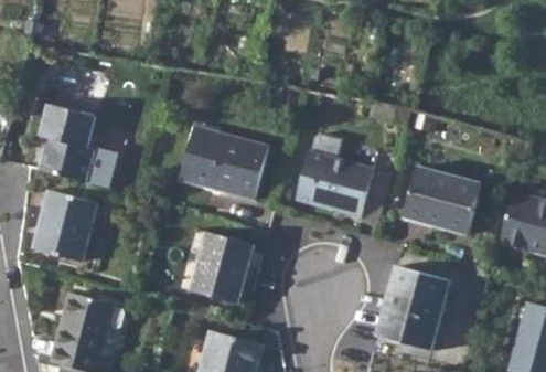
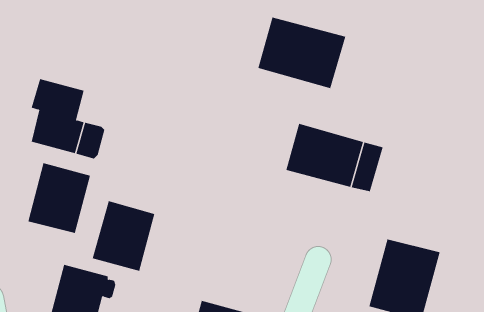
building: [179,126,268,199] -> [258,17,346,89]
building: [403,164,480,232] -> none
building: [189,232,253,304] -> [92,201,155,272]

